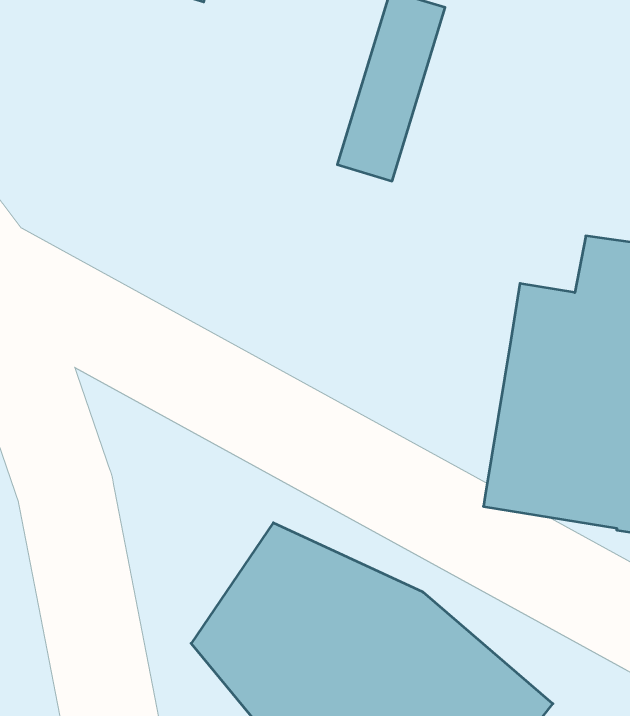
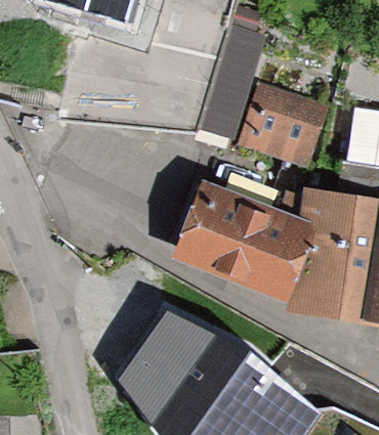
building: none -> [239,78,333,168]
building: none -> [170,176,300,302]

